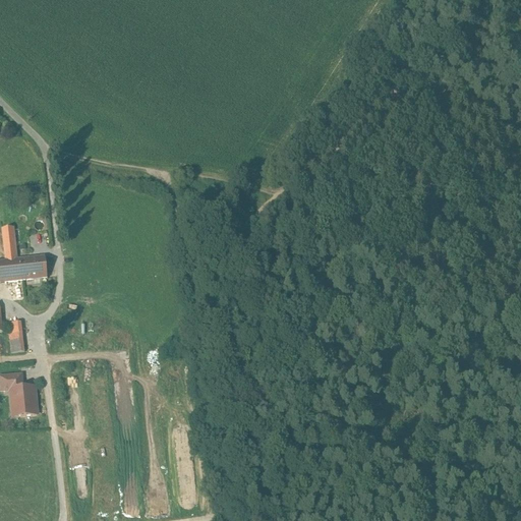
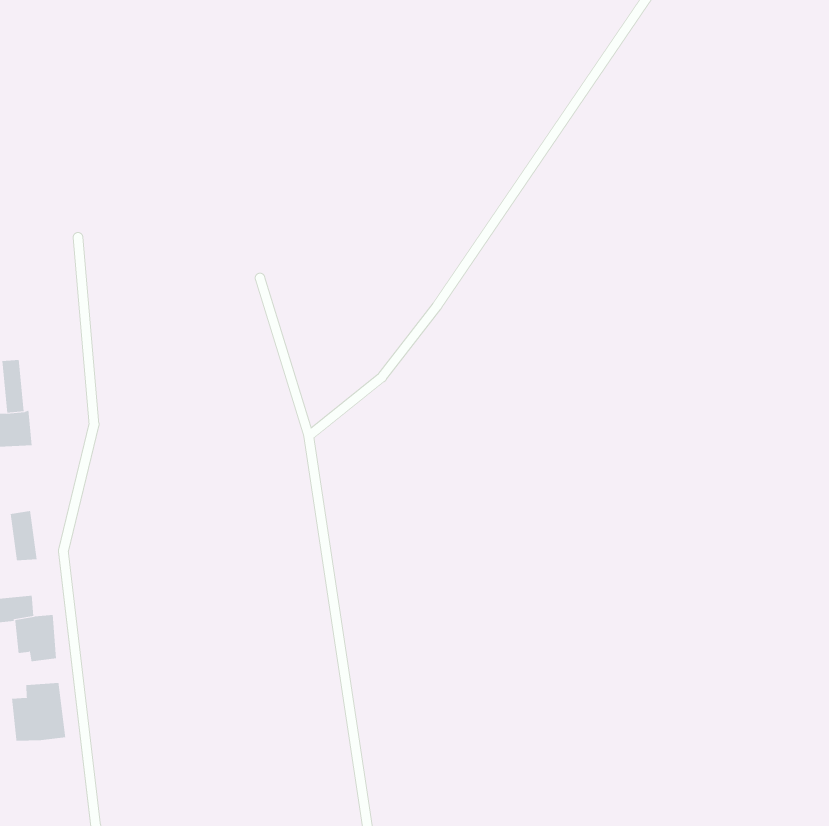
building: [18,254,46,279] -> none
building: none -> [12,682,66,742]

